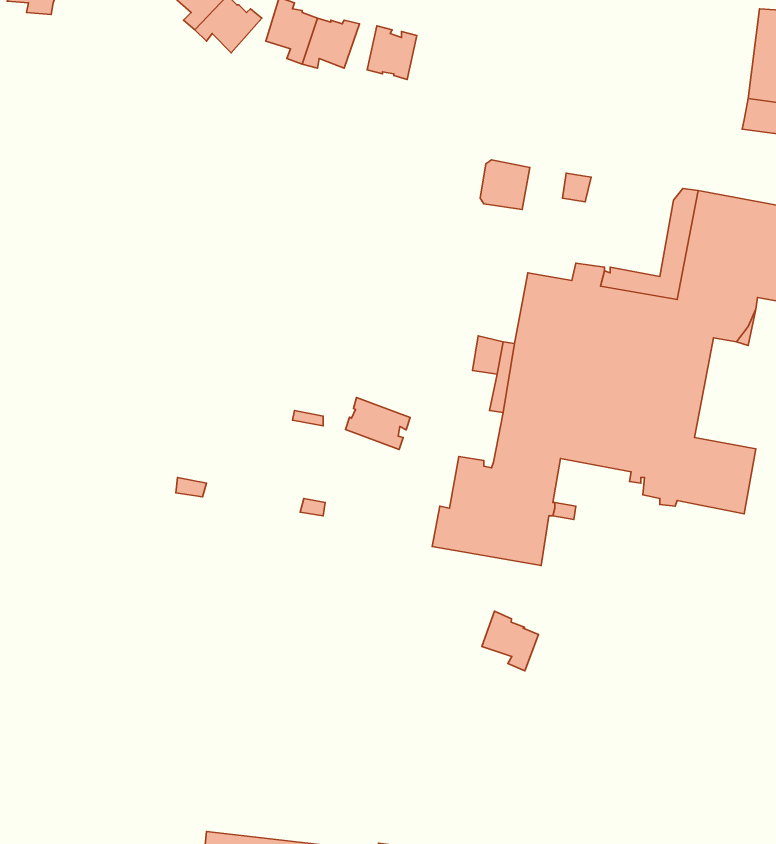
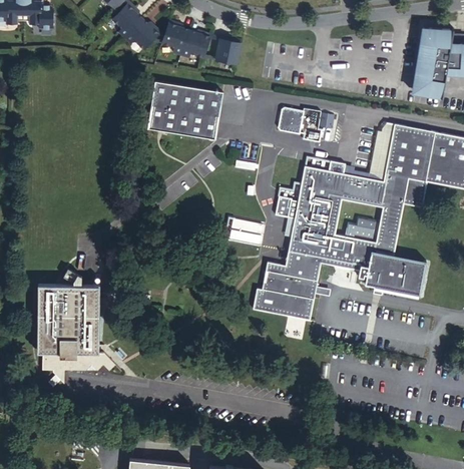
building: none -> [146,80,221,139]
building: [346,397,410,450] -> none
building: none -> [35,282,109,379]
building: [482,611,539,671] -> none

